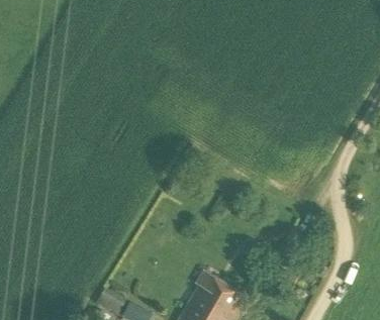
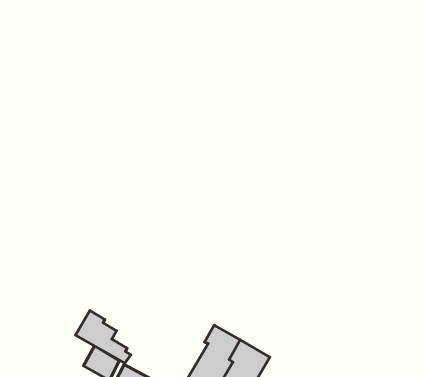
building: none -> [76,311,131,363]

